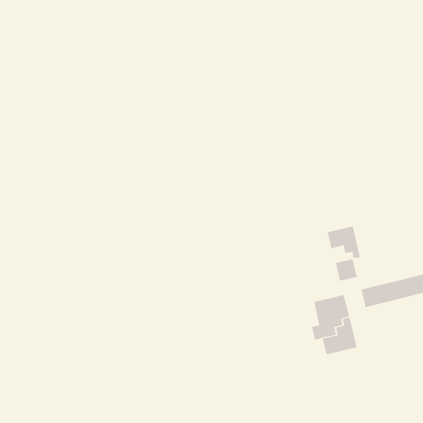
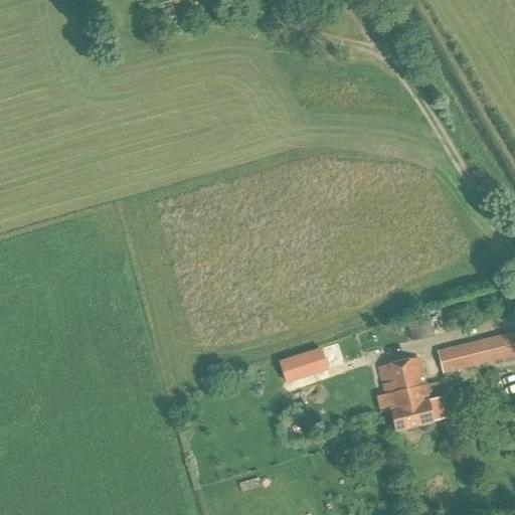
building: [327,226,360,259] -> none
building: none -> [280,349,328,382]

